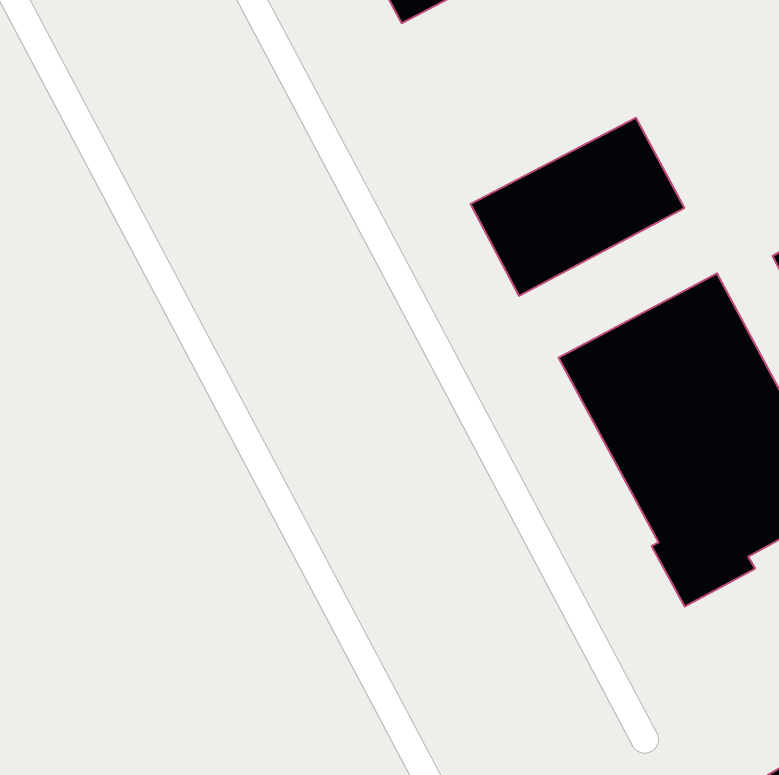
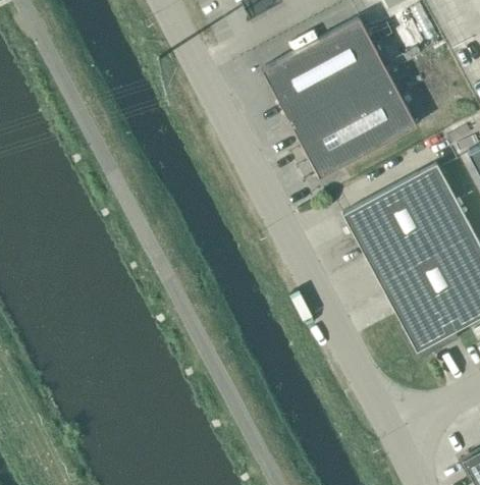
building: none -> [262,16,388,121]

